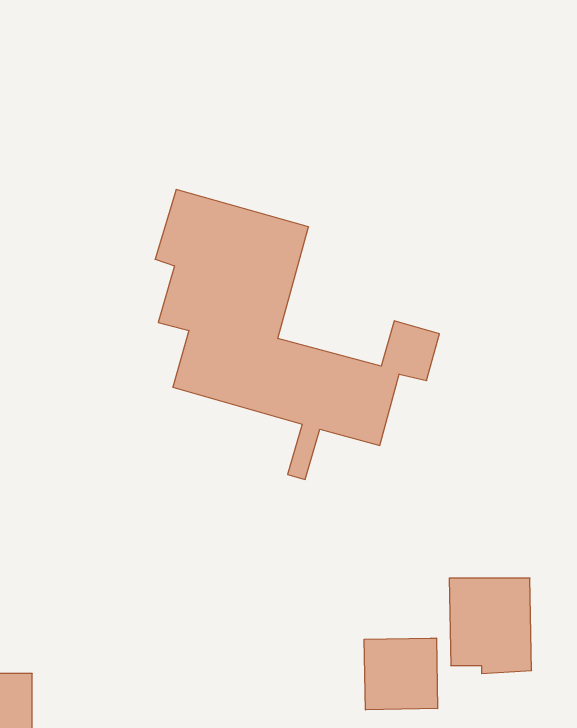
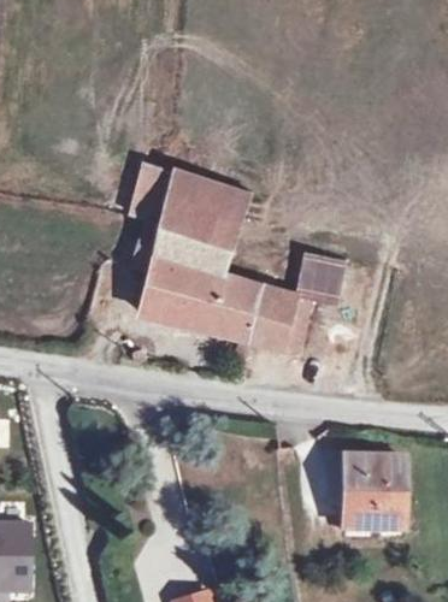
building: [364,638,438,710] -> none

